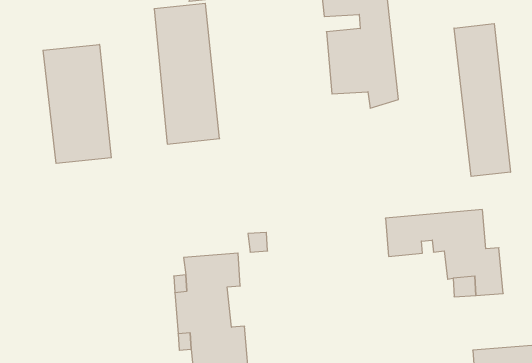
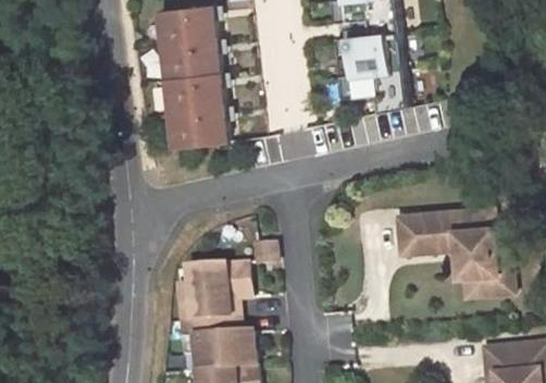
building: [454,24,510,176] -> none
building: [43,44,111,163] -> none

